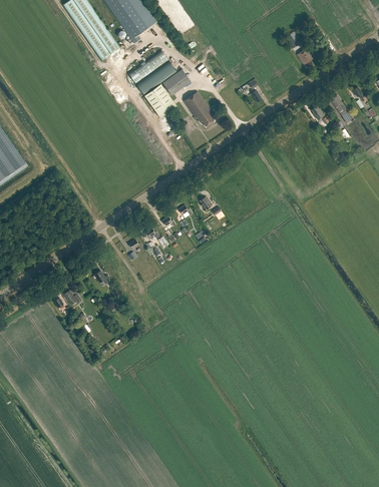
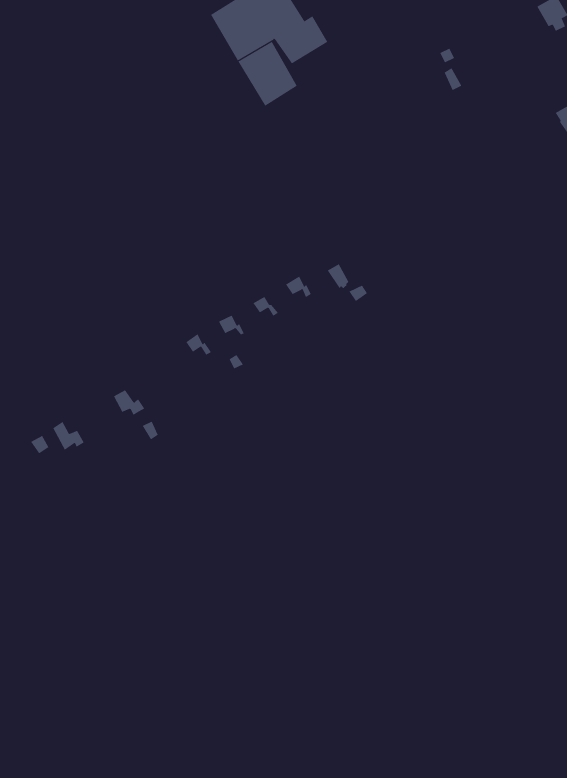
building: [183,91,214,126] -> none

